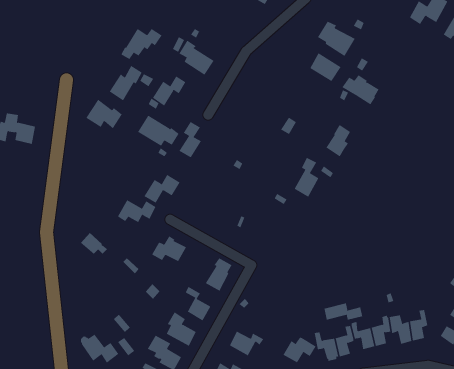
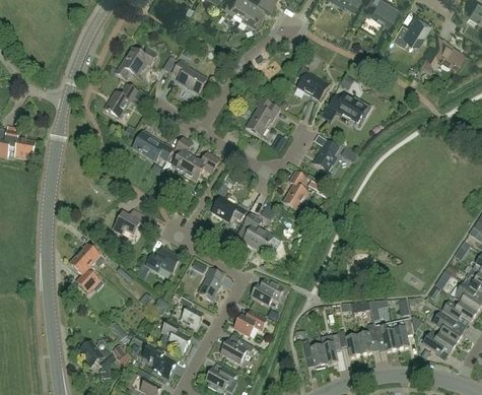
building: [317,21,355,57] -> none
building: [152,75,186,106] -> none
building: none -> [247,97,279,135]
building: [86,99,123,129] -> none
building: [143,174,180,204] -> [184,151,219,180]
building: none -> [210,196,246,221]
building: none -> [236,212,279,250]
building: none -> [69,254,98,291]
building: none -> [251,279,282,305]
building: [324,303,363,321] -> none
building: [283,337,316,363] -> [233,311,266,336]

